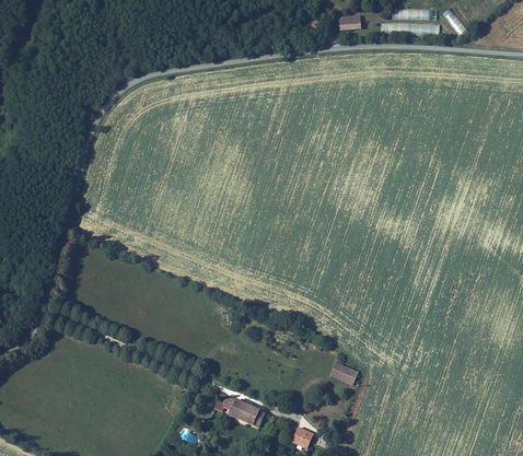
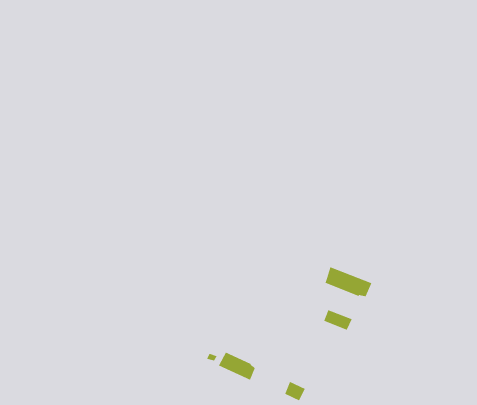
building: none -> [324,266,373,297]

